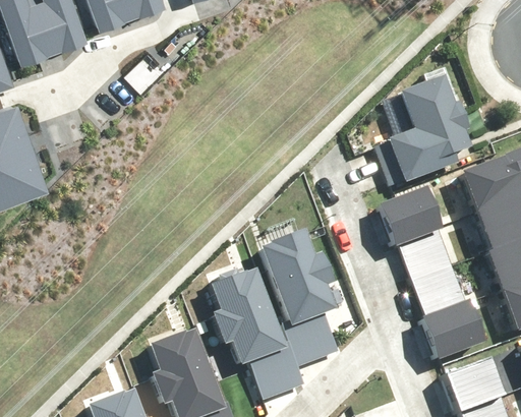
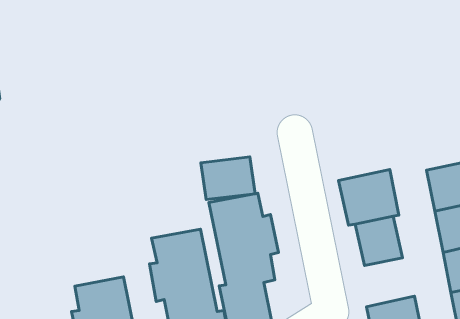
building: [390,77,472,182] -> none
building: none -> [201,157,255,200]
building: [418,267,467,317] -> none

